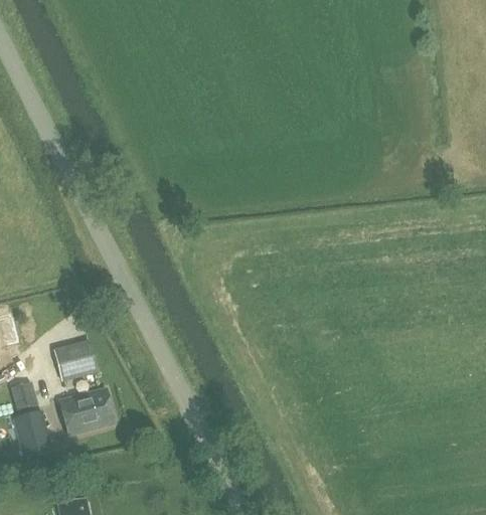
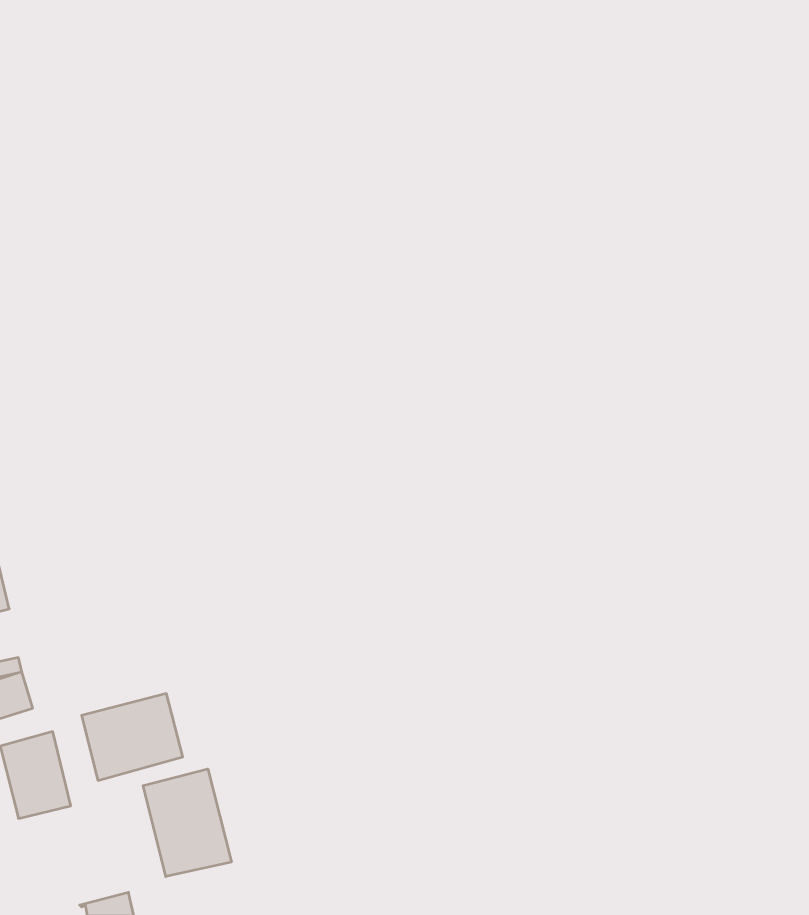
building: [53,338,98,381] -> none
building: none -> [143,769,231,877]

